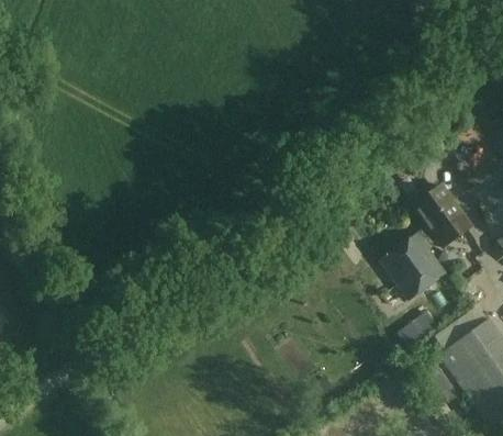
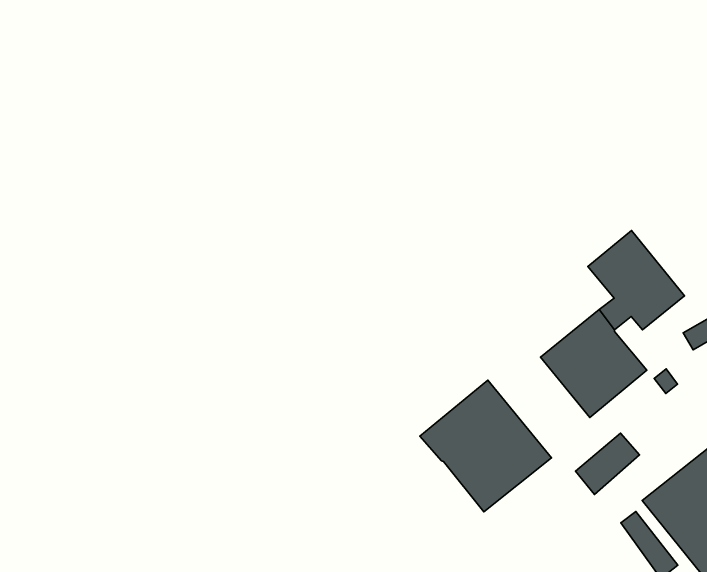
building: none -> [420,380,551,512]

